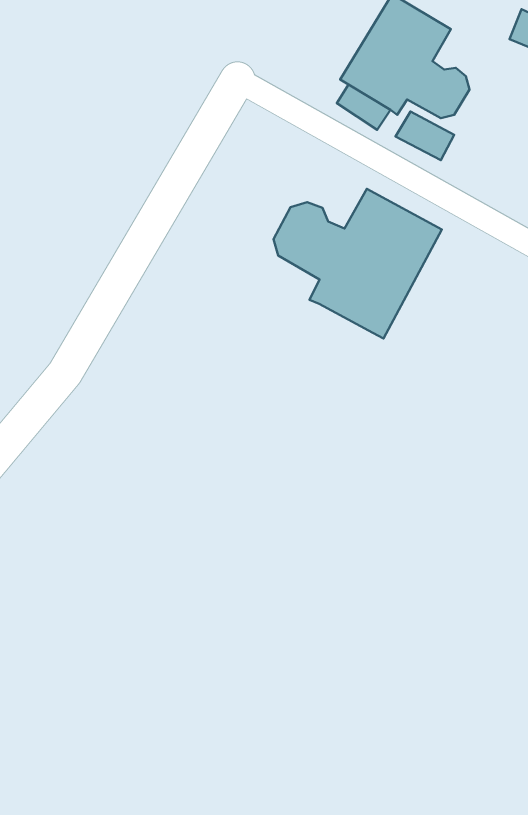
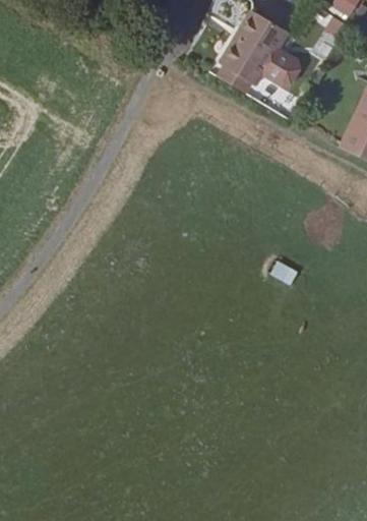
building: [273,189,442,339] -> none

